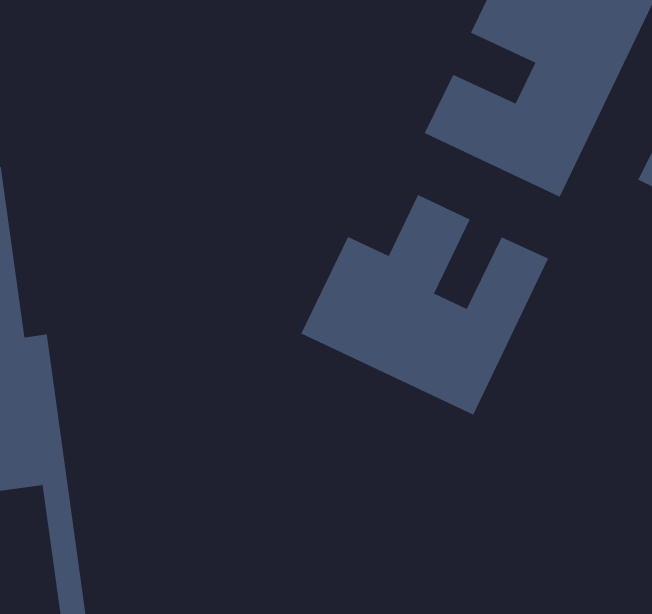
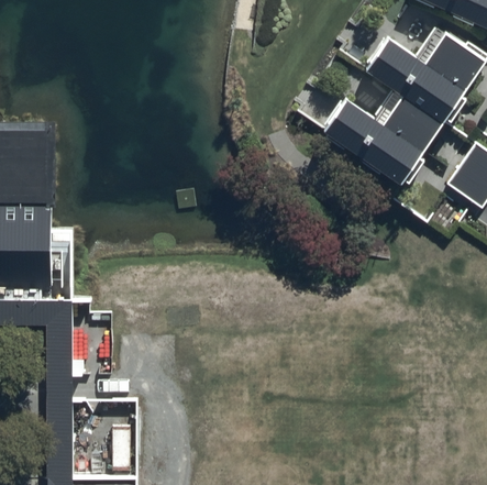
building: [300,194,549,416] -> none

